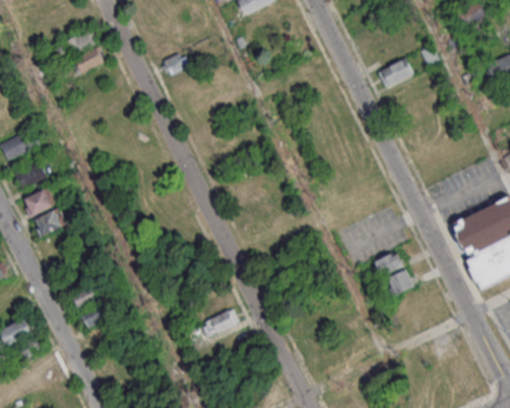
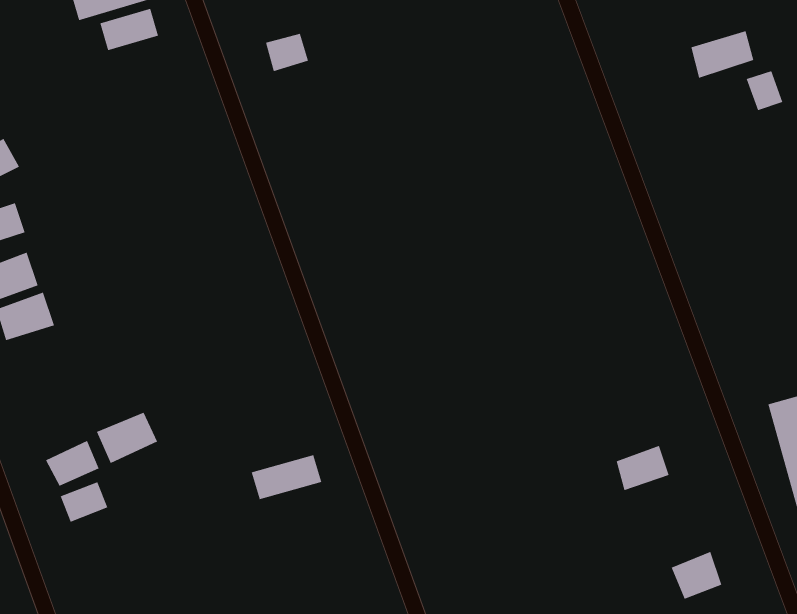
building: [378,59,412,87] -> [691,31,754,79]
building: none -> [96,412,158,464]
building: [385,269,413,296] -> [671,551,722,600]
building: [200,310,239,337] -> [251,455,322,500]

